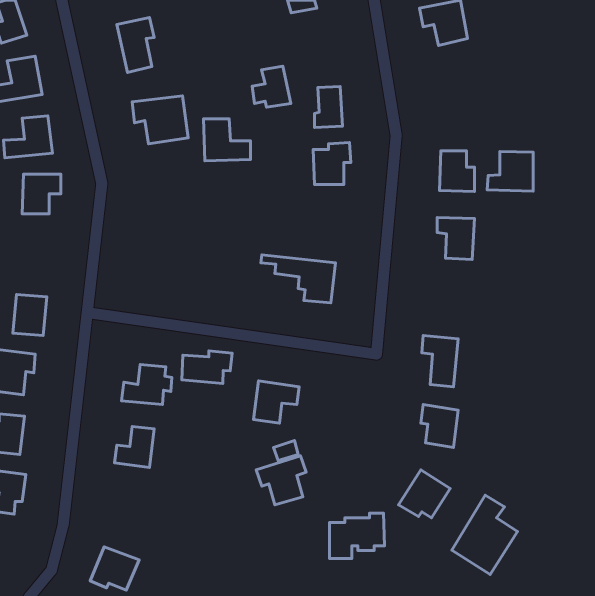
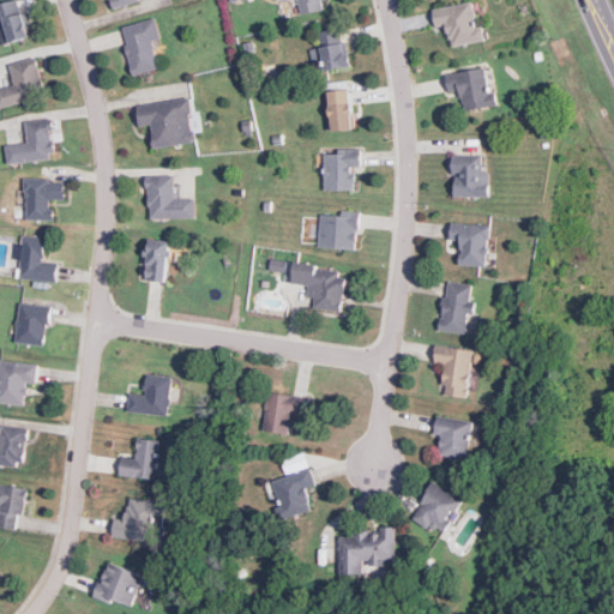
building: none -> [444,68,495,112]
building: [252,66,291,107] -> [308,29,348,71]
building: [204,119,250,161] -> [145,176,193,219]
building: [487,152,533,191] -> none
building: none -> [317,212,357,249]
building: none -> [14,235,58,283]
building: none -> [143,240,167,282]
building: none -> [438,282,475,335]
building: [182,351,232,383] -> none
building: none -> [110,500,163,543]
building: [452,495,518,574] -> none

